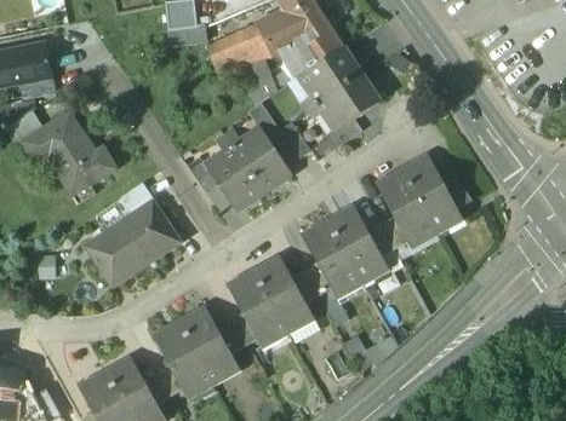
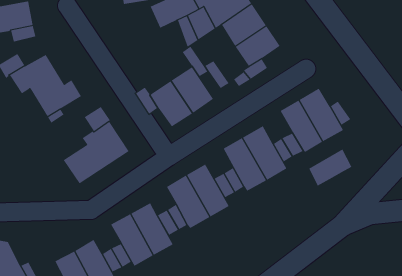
building: none -> [309,149,352,186]

